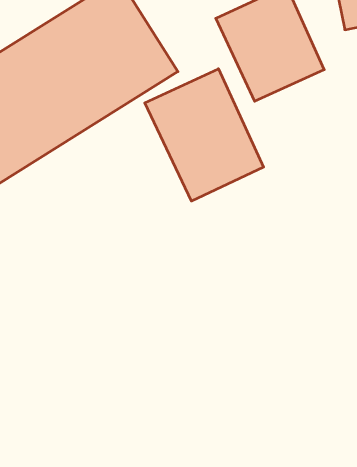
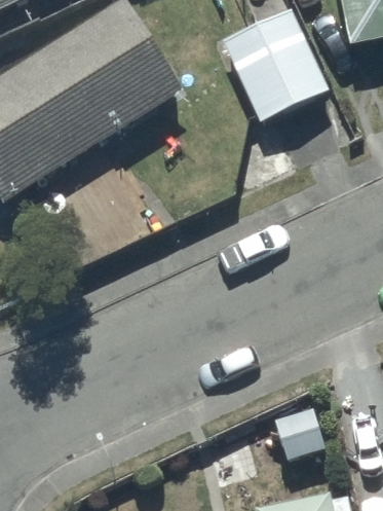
building: [145,69,264,201] -> none

